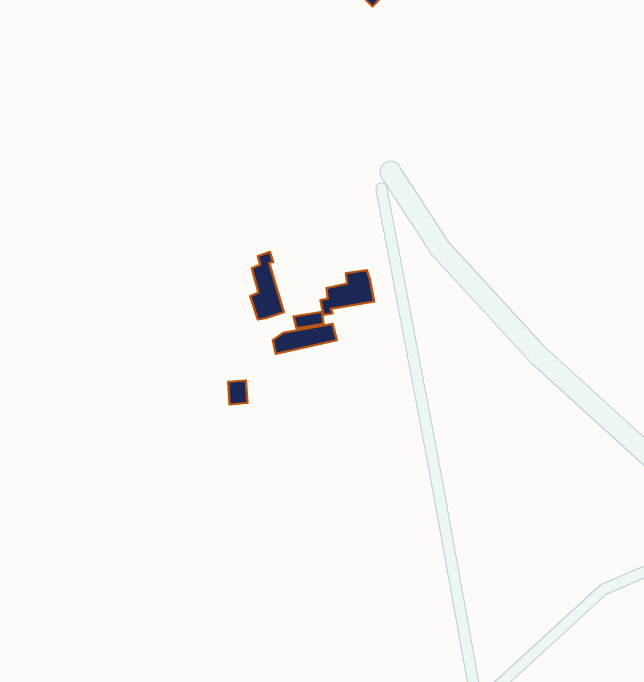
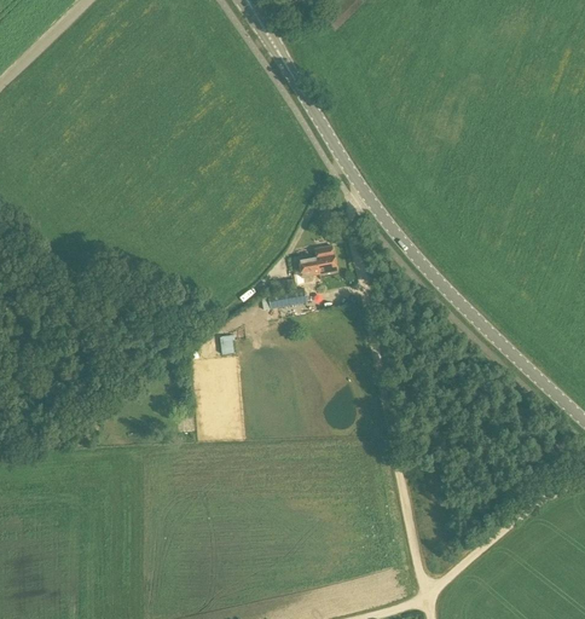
building: [250,252,284,320] -> none

